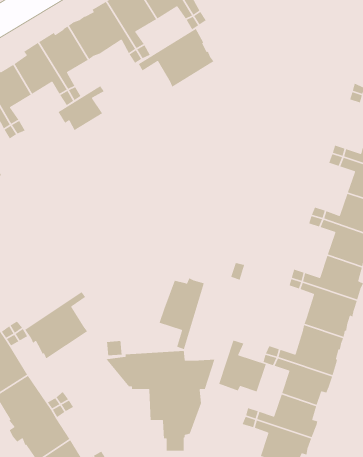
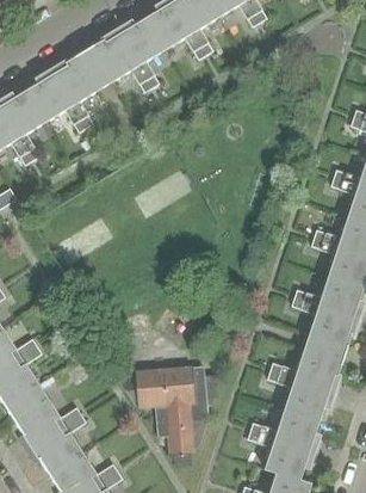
building: [138,28,215,88] -> none
building: [57,85,105,131] -> none
building: [159,277,205,350] -> none
building: [24,291,88,360] -> none
building: [218,339,267,393] -> none

